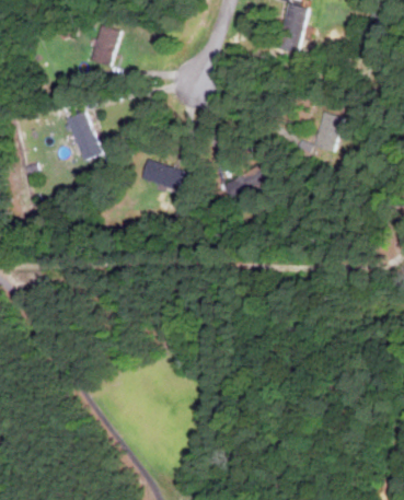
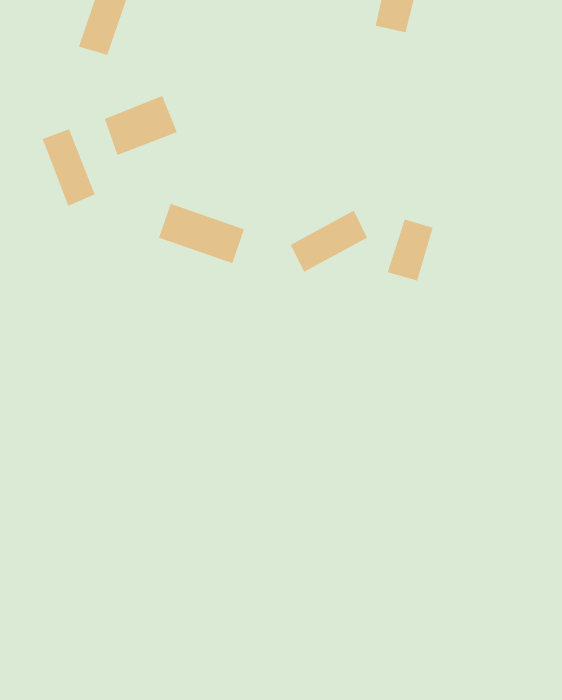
building: none -> [104,95,178,156]
building: [313,112,343,151] -> [387,219,434,281]

